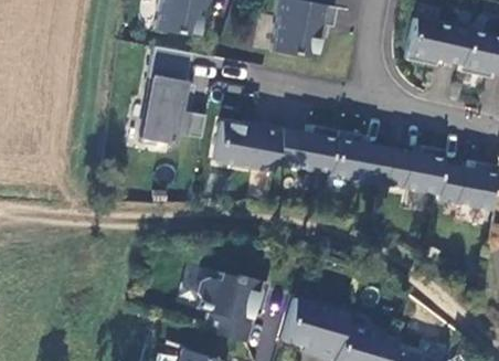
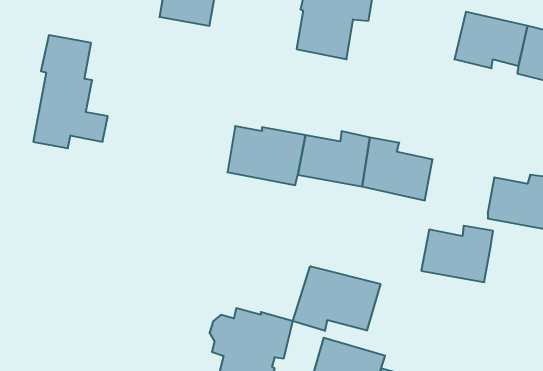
building: [141,46,205,144] -> [33,35,108,148]
building: [381,142,443,191] -> [421,226,493,282]
building: none -> [293,266,380,331]

